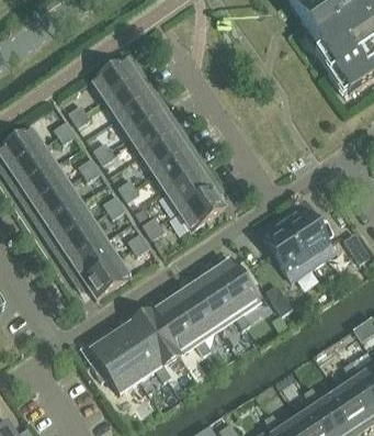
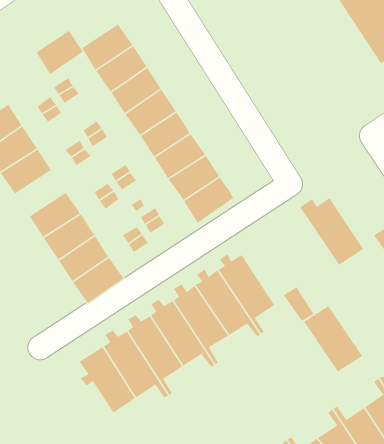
building: none -> [35,30,84,75]
building: [34,183,78,223] -> none
building: [261,222,313,280] -> [303,305,363,373]

